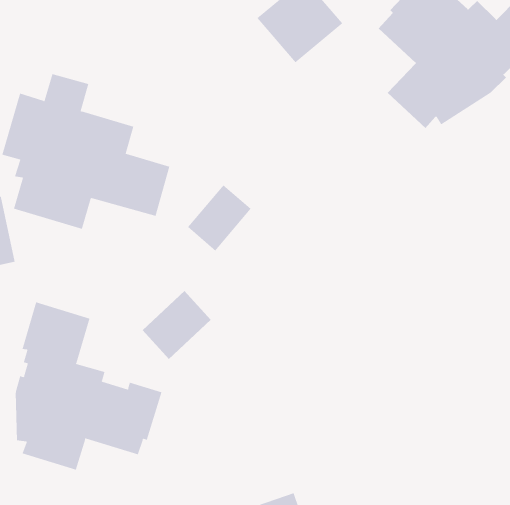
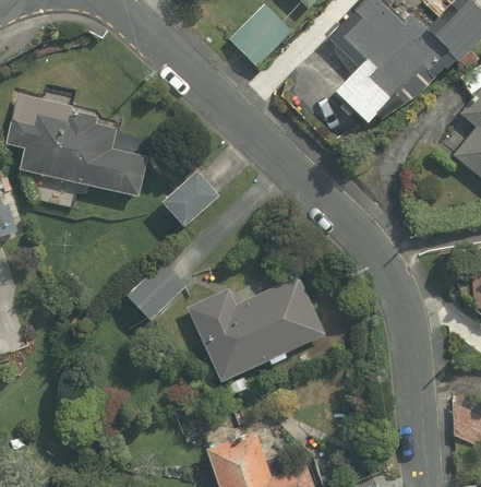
building: [15,301,162,470] -> none
building: none -> [187,275,325,381]

